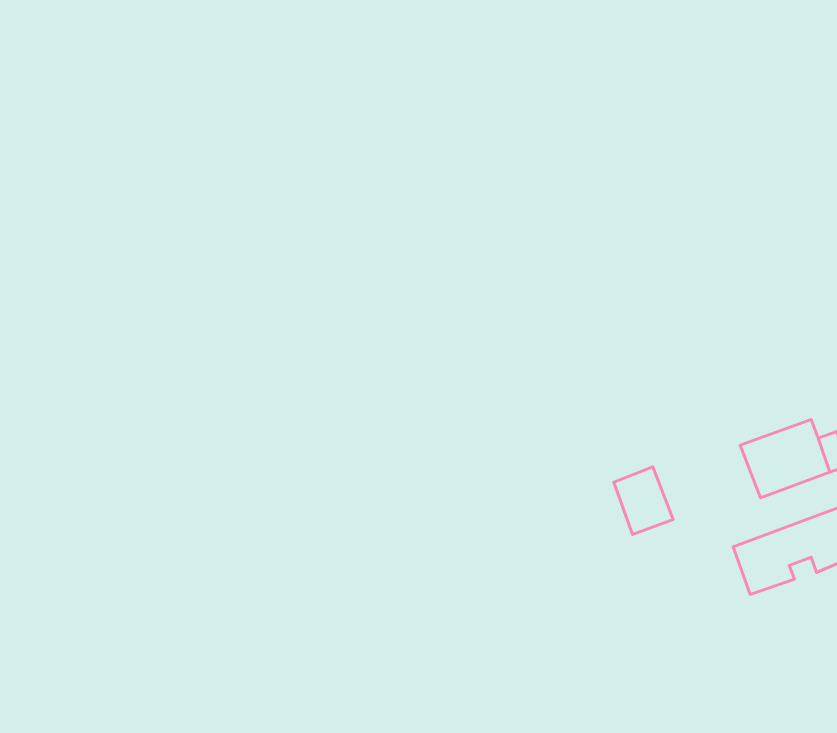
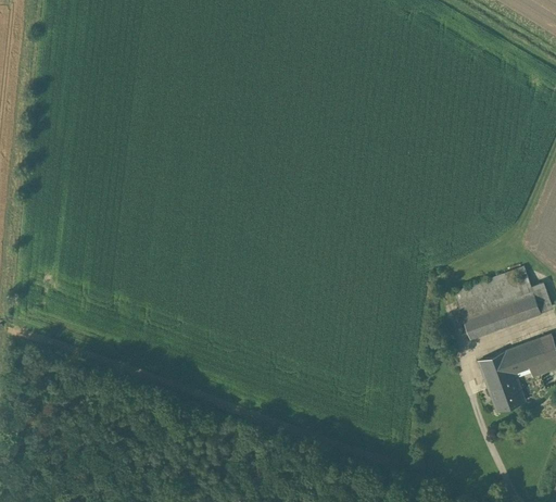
building: [614,467,673,535] -> [458,297,496,340]
building: none -> [490,382,525,413]

